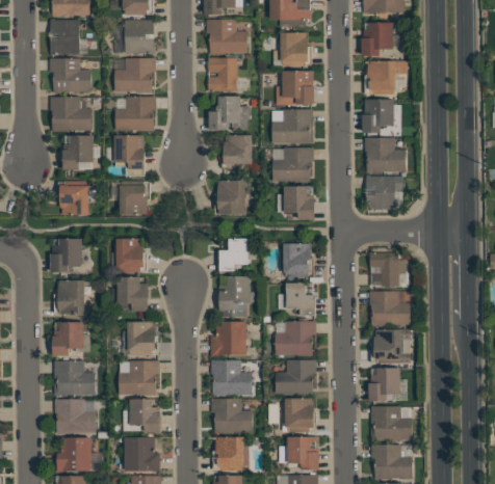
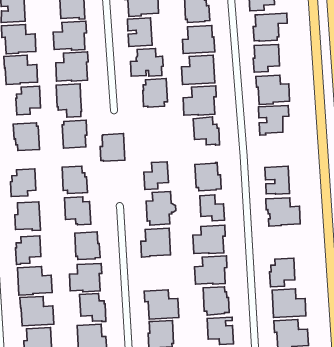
building: [215,181,245,214] -> [100,134,125,161]
building: [371,329,411,364] -> none
building: [211,360,252,398] -> none

